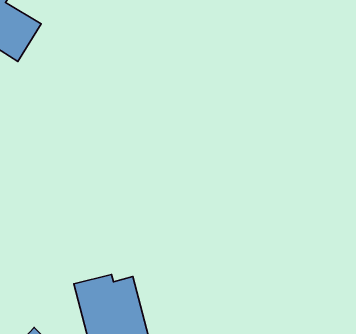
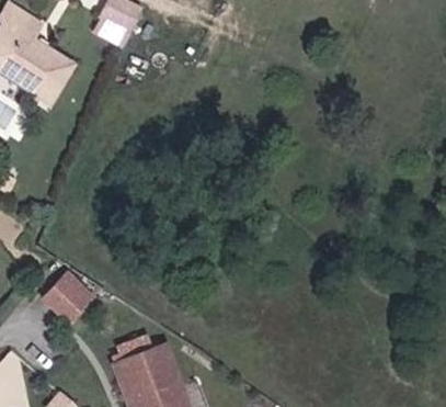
building: none -> [38,264,96,323]

